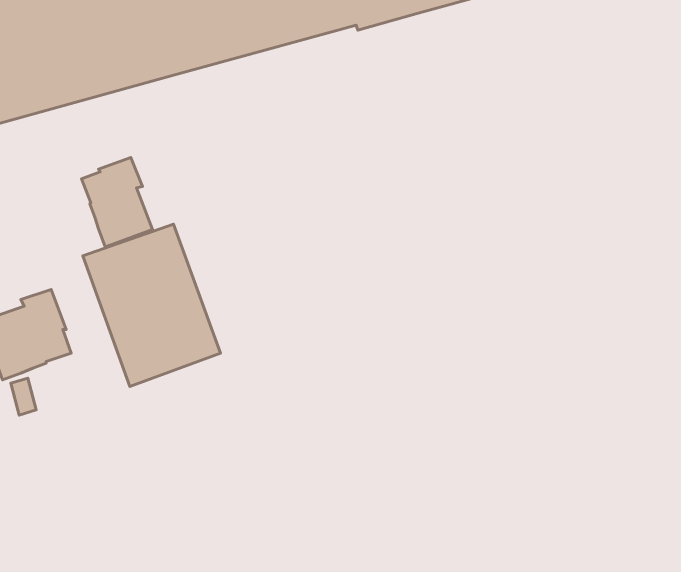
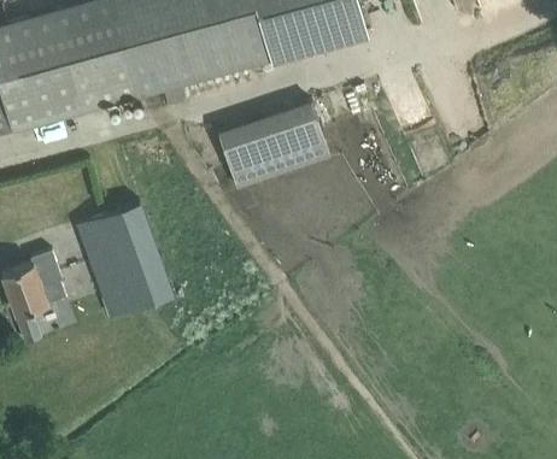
building: none -> [225,104,336,186]
building: [82,158,153,247] -> none

